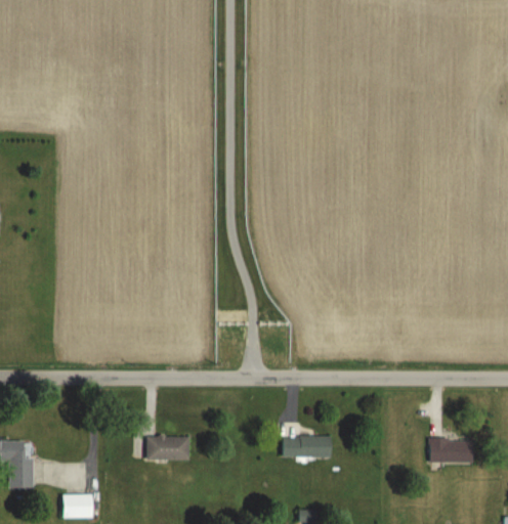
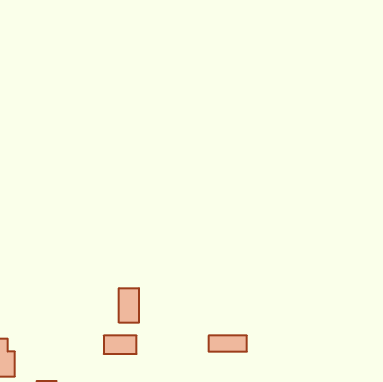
building: none -> [119,288,139,323]
building: [430,438,473,463] -> none

